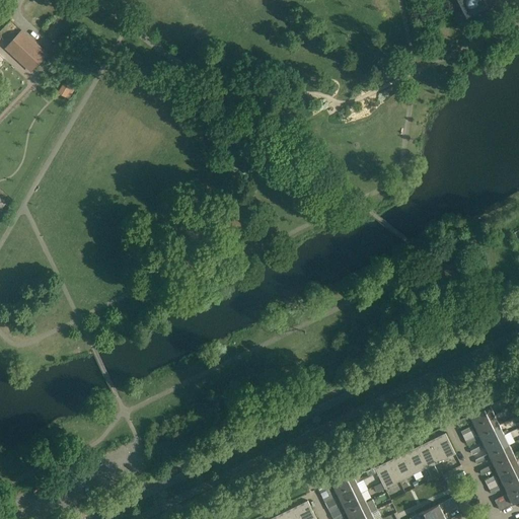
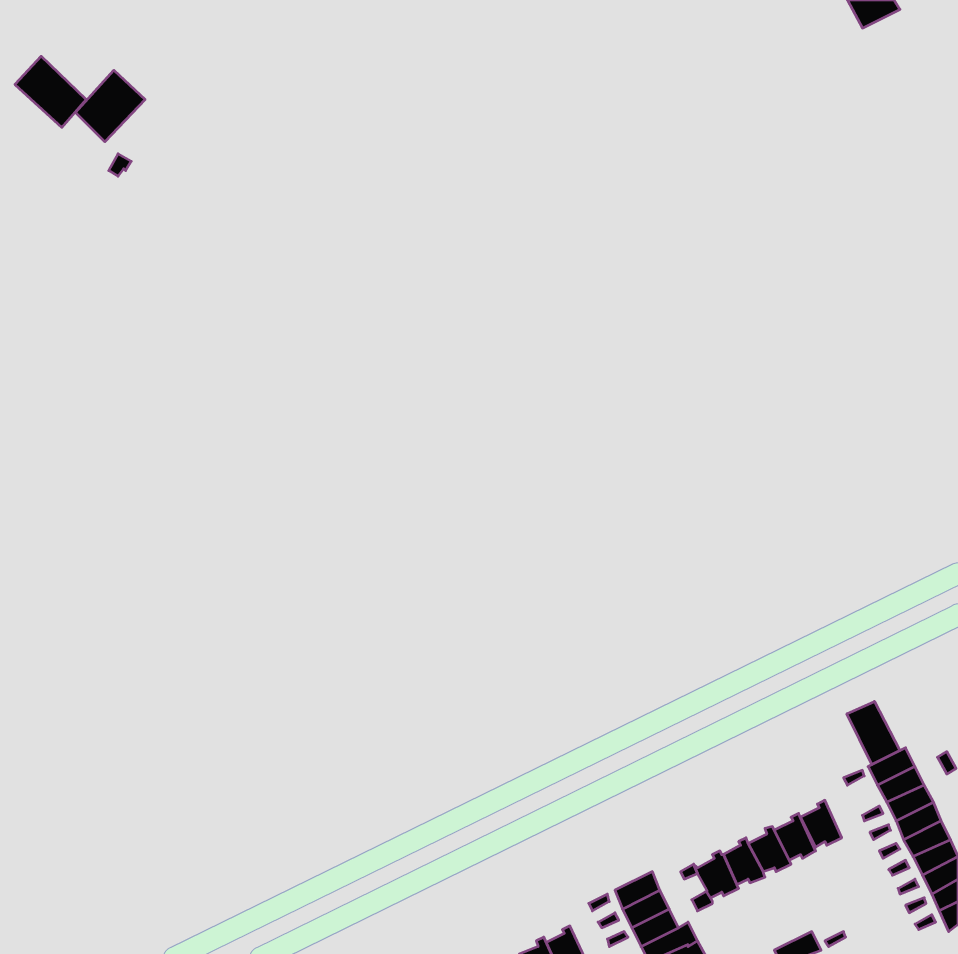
building: none -> [76,70,145,142]
building: none -> [847,701,900,765]

